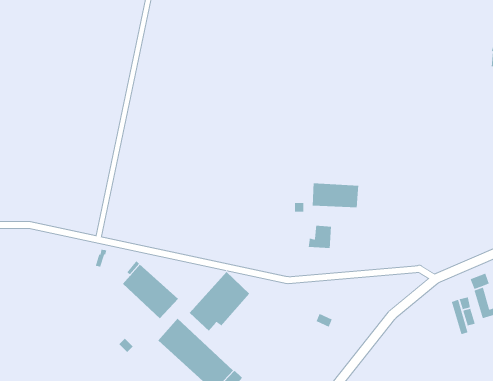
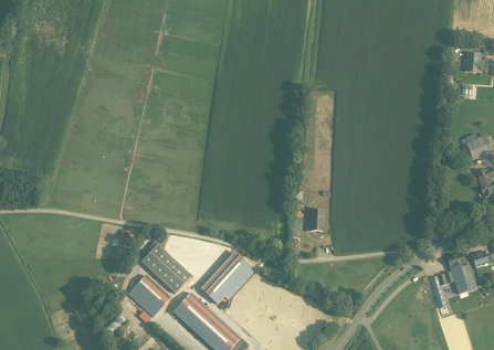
building: [312,182,359,208] -> none
building: none -> [127,275,169,316]

